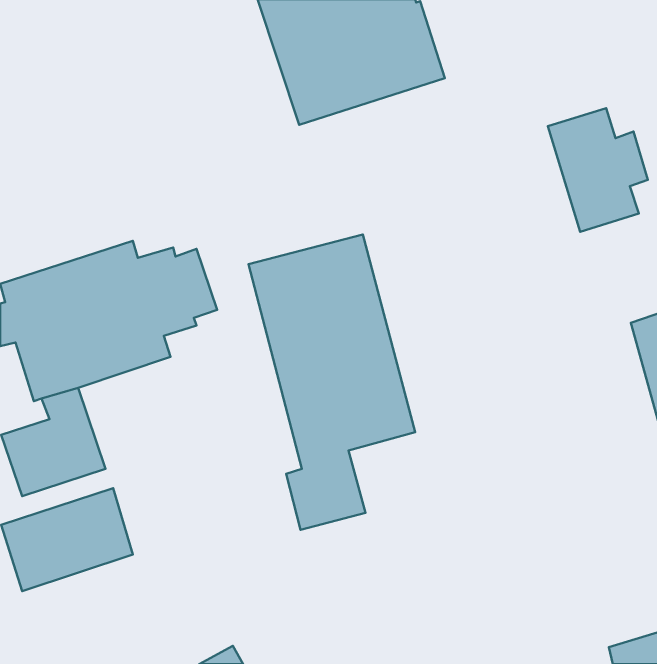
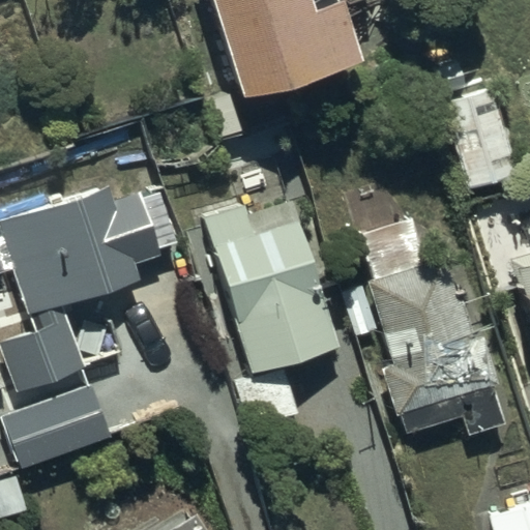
building: none -> [341,238,500,432]

